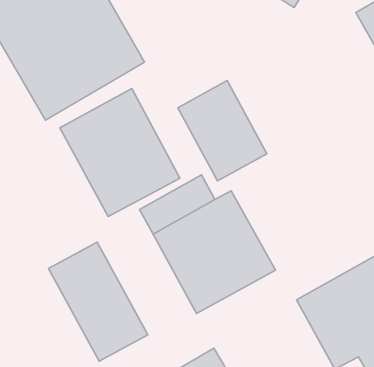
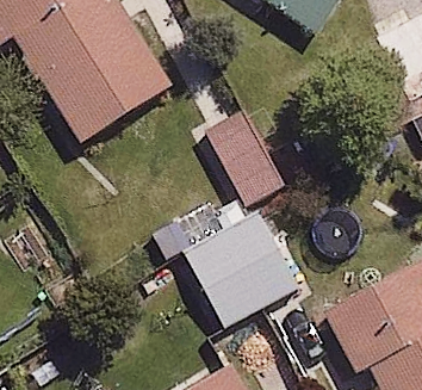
building: [60,88,180,217] -> none
building: [48,242,148,361] -> none

